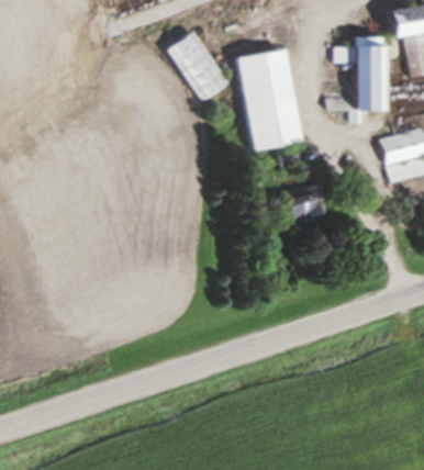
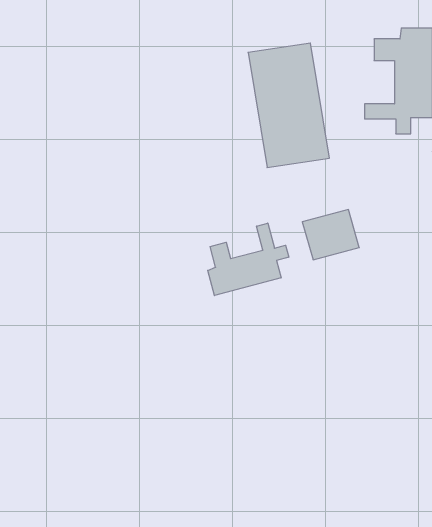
building: [169,31,230,102] -> none
building: none -> [208,223,289,296]

